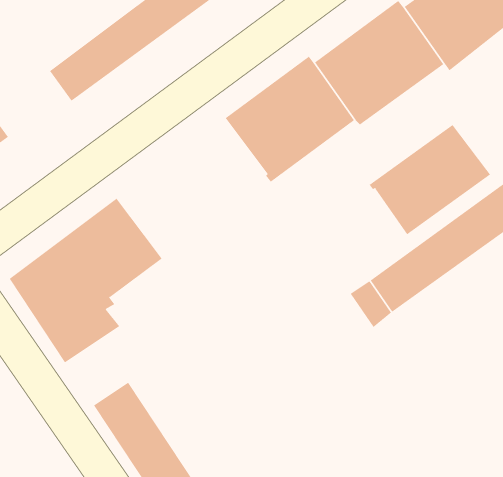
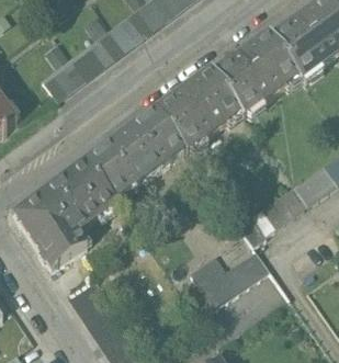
building: none -> [87,107,184,195]
building: [369,124,491,235] -> none
building: none -> [187,249,271,314]

